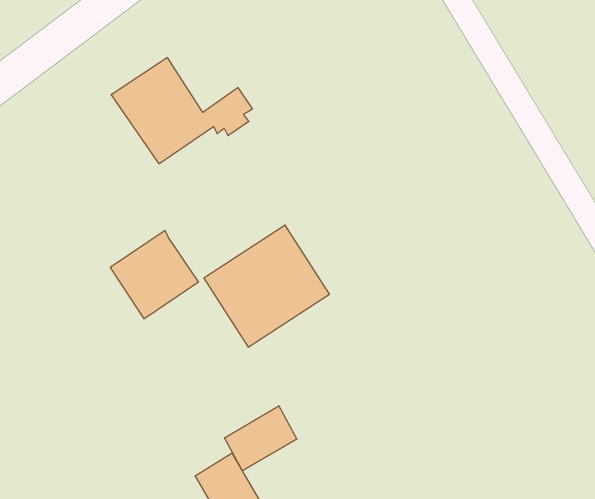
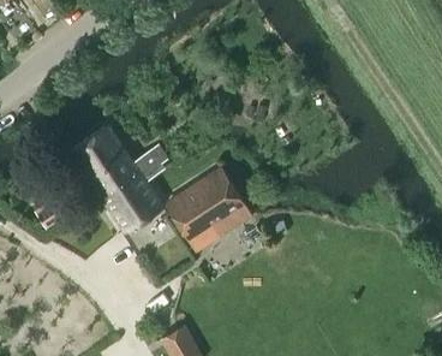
building: [111,58,252,164] -> [71,124,167,196]
building: [224,406,297,471] -> none

